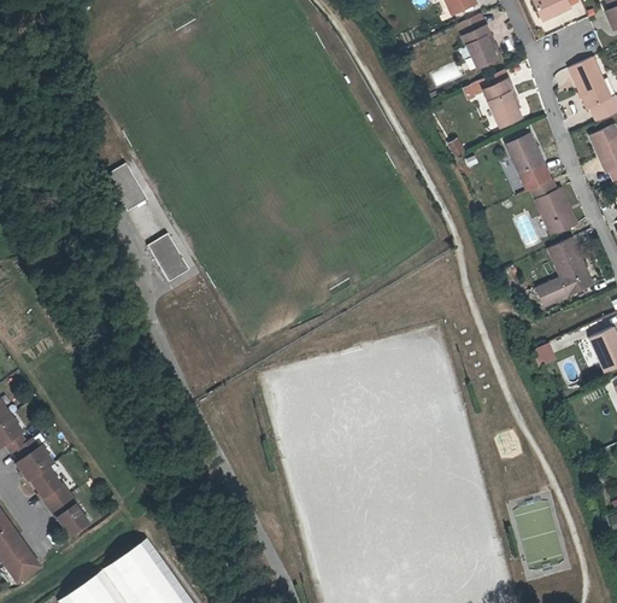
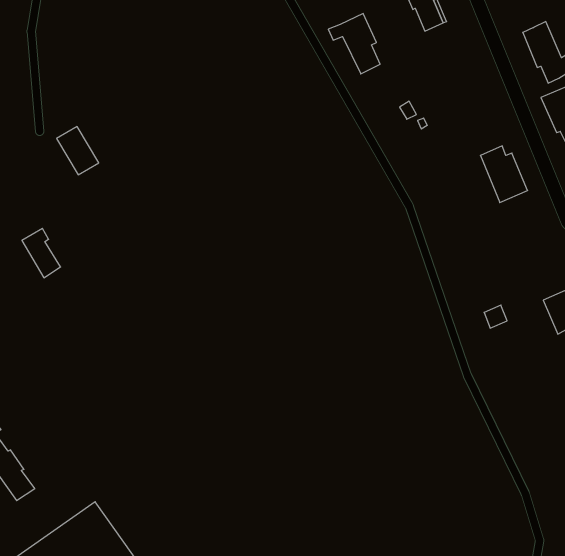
building: [468,71,519,131] -> [328,14,380,74]
building: [507,133,552,189] -> none
building: [149,233,188,282] -> [22,228,61,278]
building: [537,239,594,308] -> none

